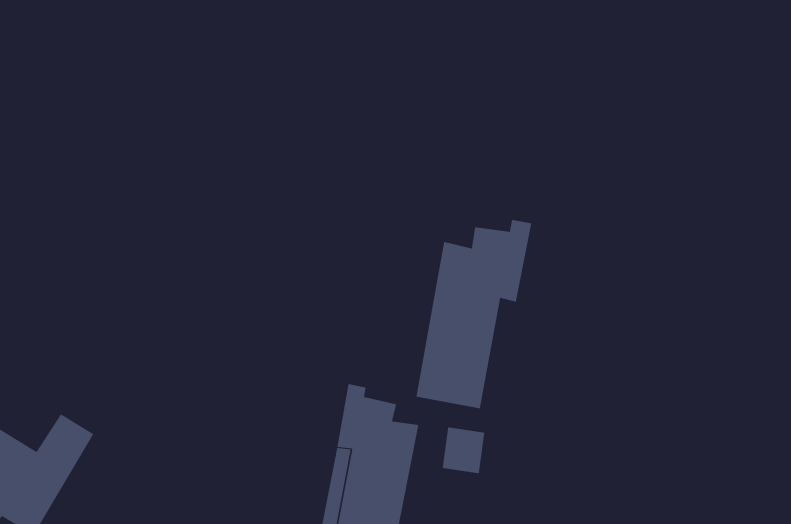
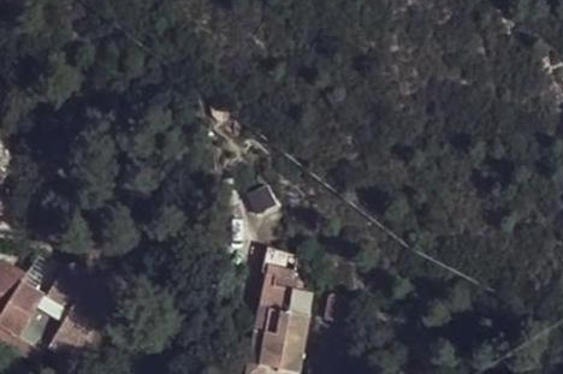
building: [416,219,532,409] -> none

